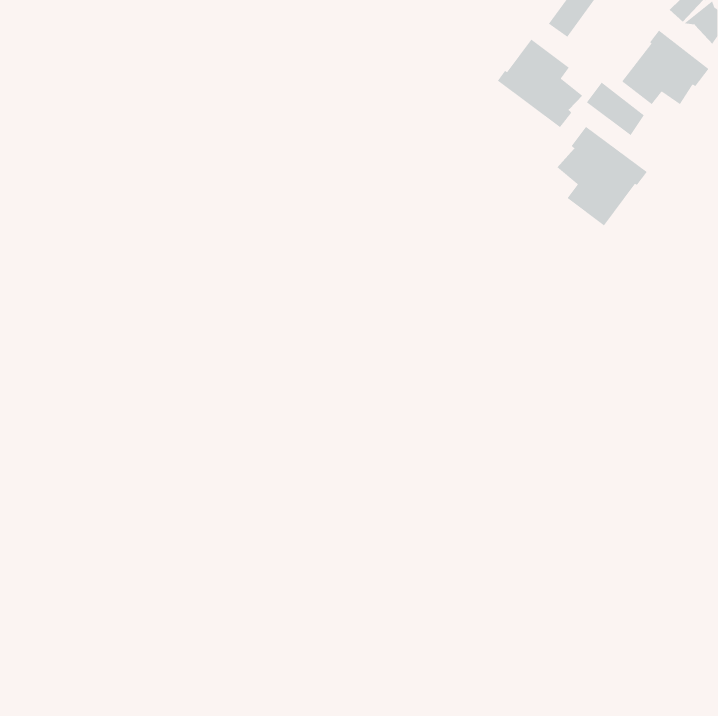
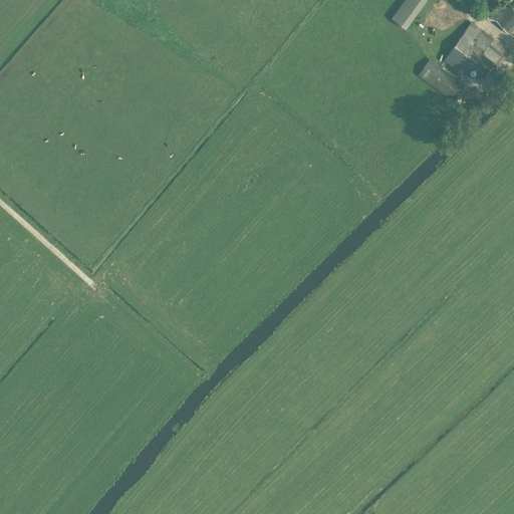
building: [497,38,583,128] -> none
building: [556,126,648,226] -> none

